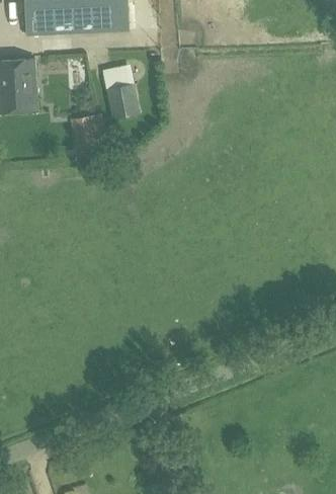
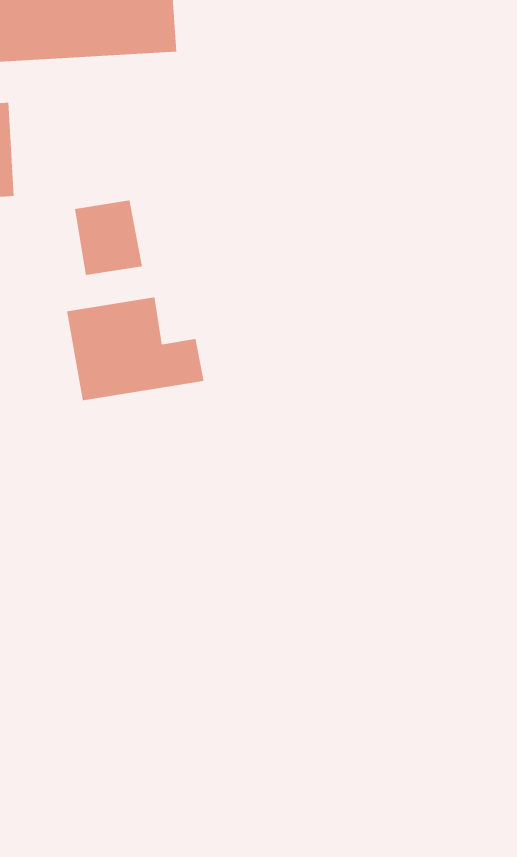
building: [102,66,139,119] -> none
building: none -> [67,297,204,401]

